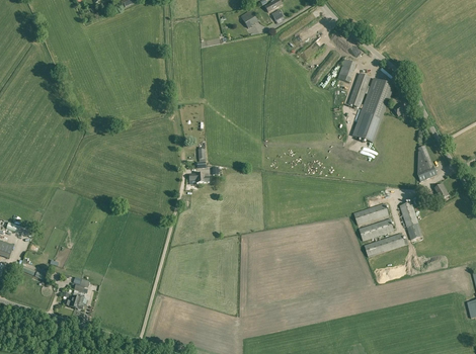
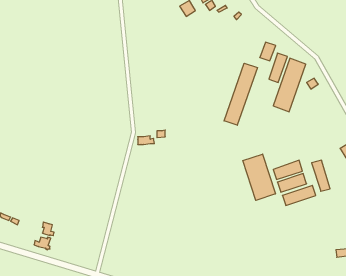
building: none -> [224,63,257,125]
building: [418,145,438,181] -> none
building: none -> [243,154,275,200]

